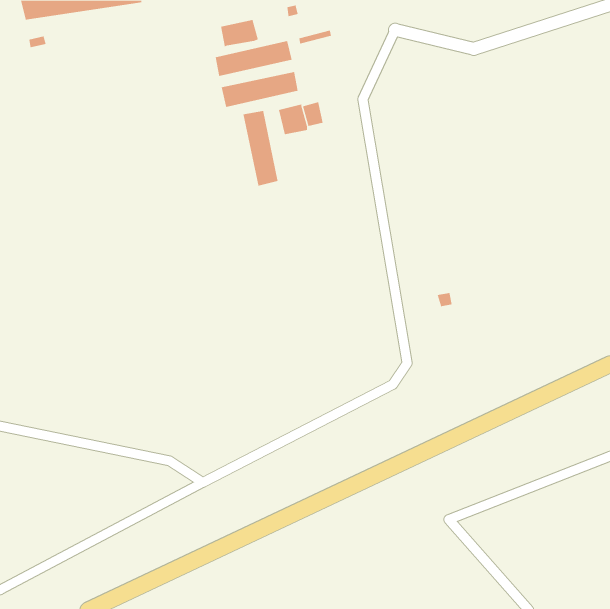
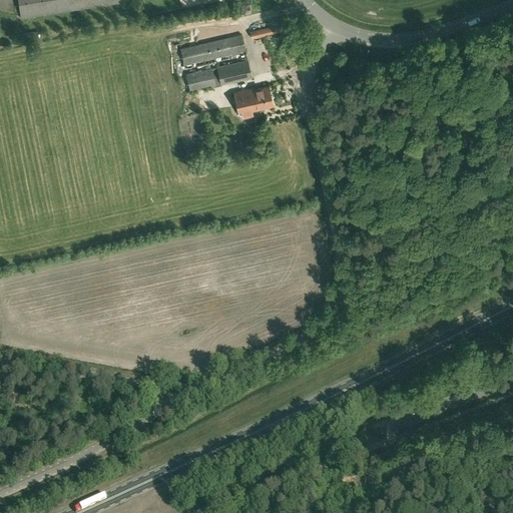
building: [220,19,258,47] -> none
building: [243,110,278,187] -> none

